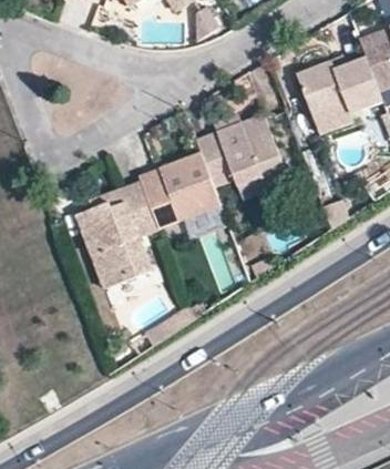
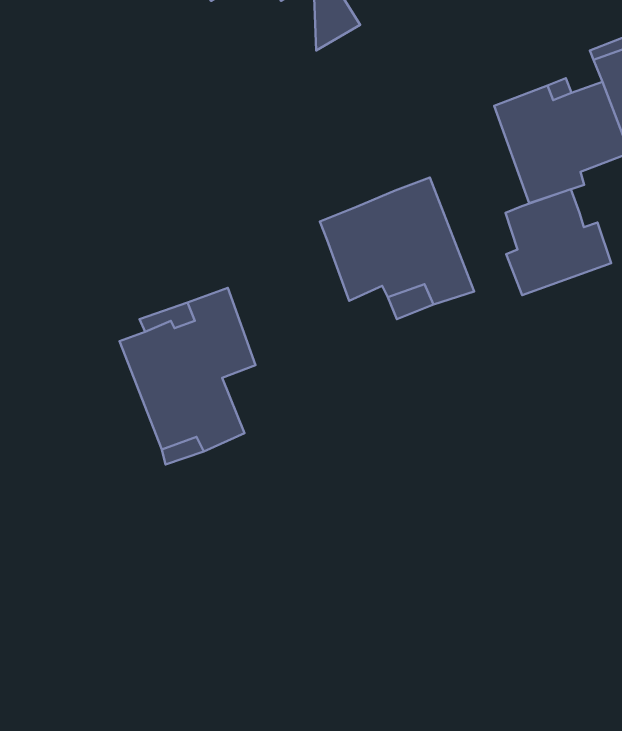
building: none -> [505,189,611,295]
building: [137,153,219,228] -> none

